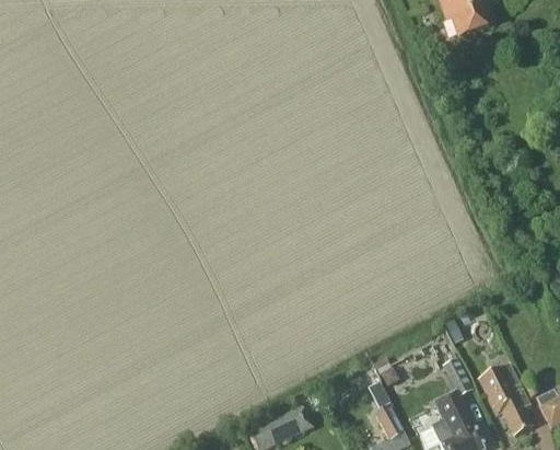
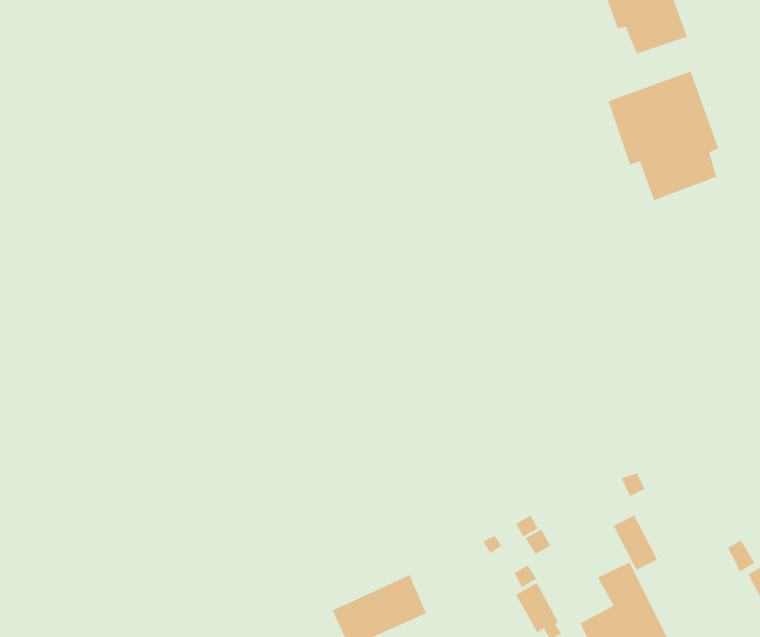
building: none -> [608,71,719,201]
building: [478,364,534,437] -> none

